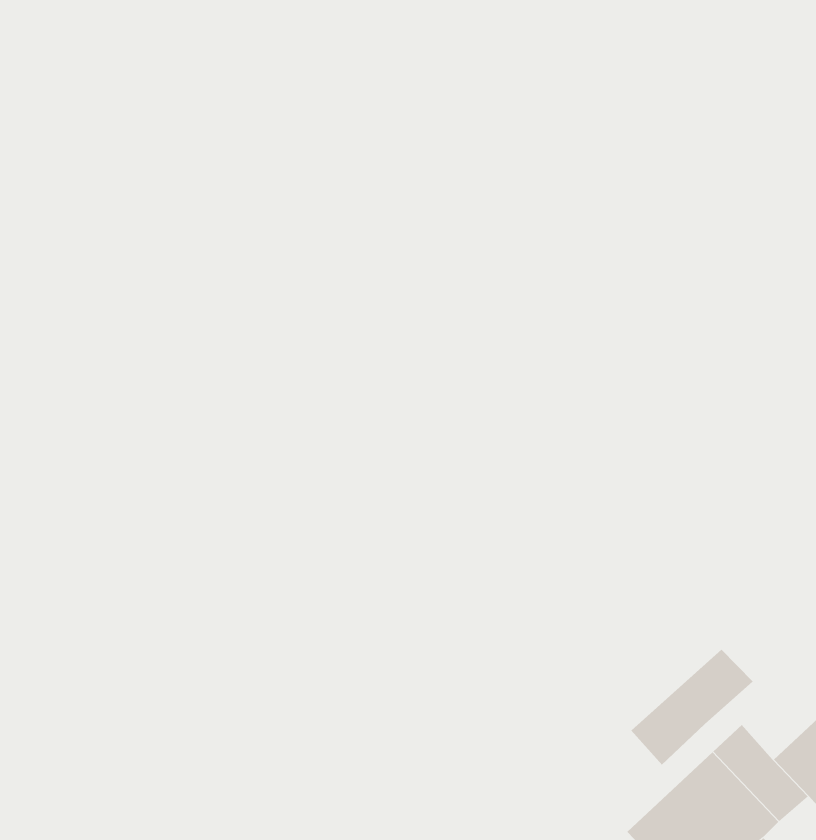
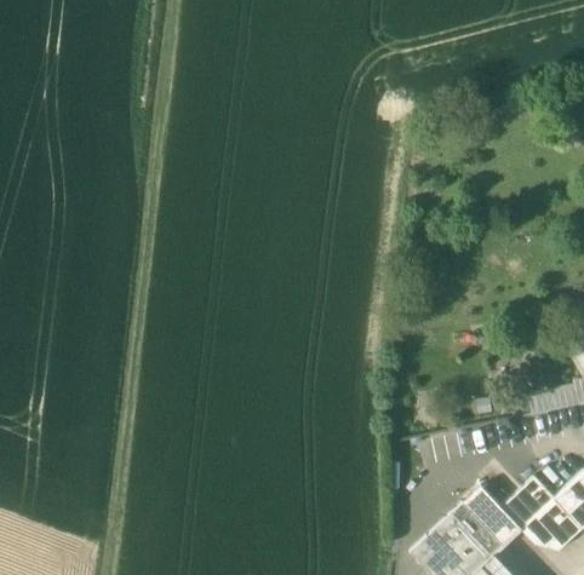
building: [630,649,754,765] -> none

